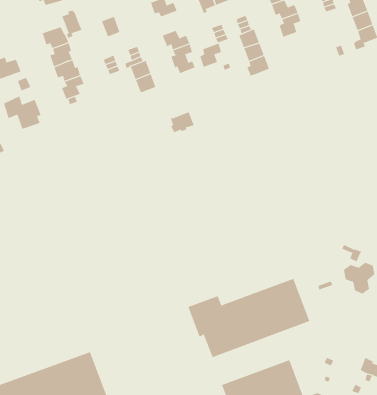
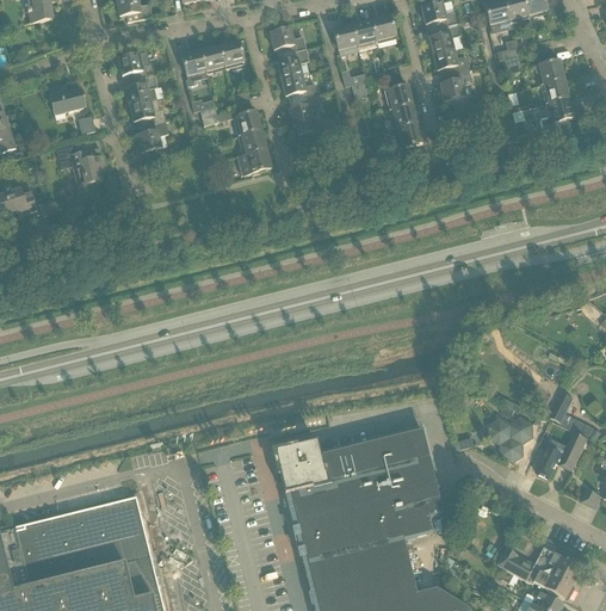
building: [61,10,82,39] -> [181,49,208,87]
building: none -> [219,41,245,70]
building: [199,43,222,67] -> [277,49,308,80]
building: [169,112,195,133] -> [236,149,271,175]
building: none -> [298,490,443,563]

